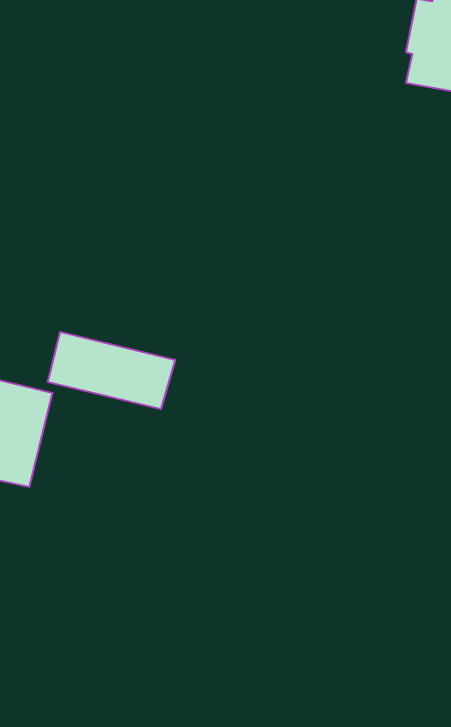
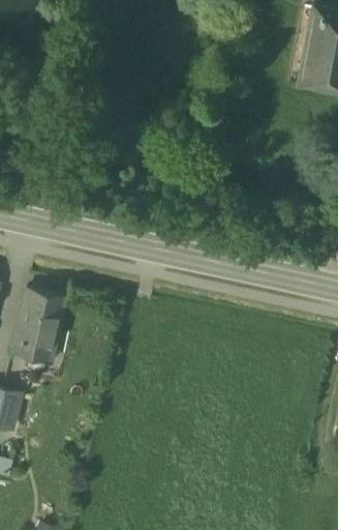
building: [48,332,175,409] -> none

